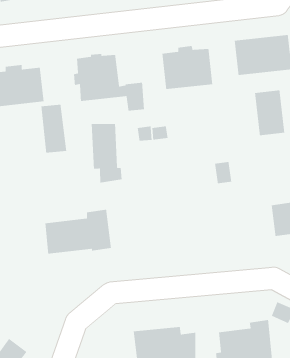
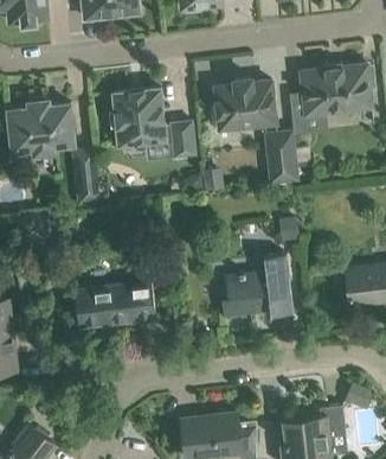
building: [254,90,285,136] -> [262,128,298,184]
building: [91,123,122,184] -> none
building: none -> [221,254,292,315]

